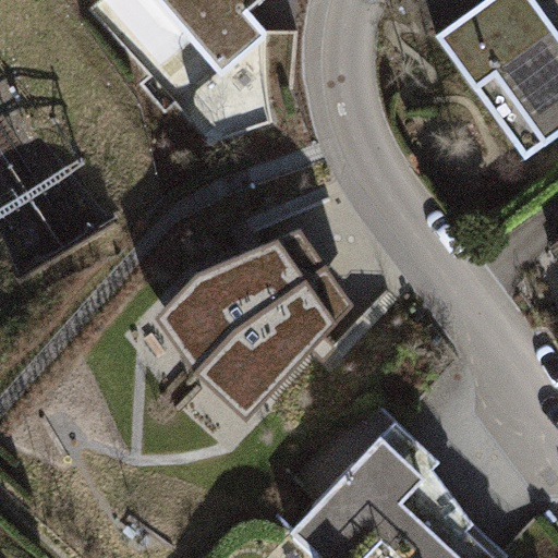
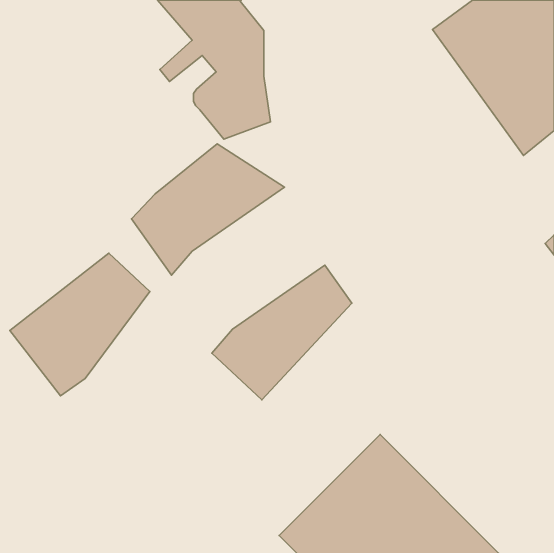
building: [172,225,326,356] -> [131,144,285,275]
building: none -> [10,253,150,396]

